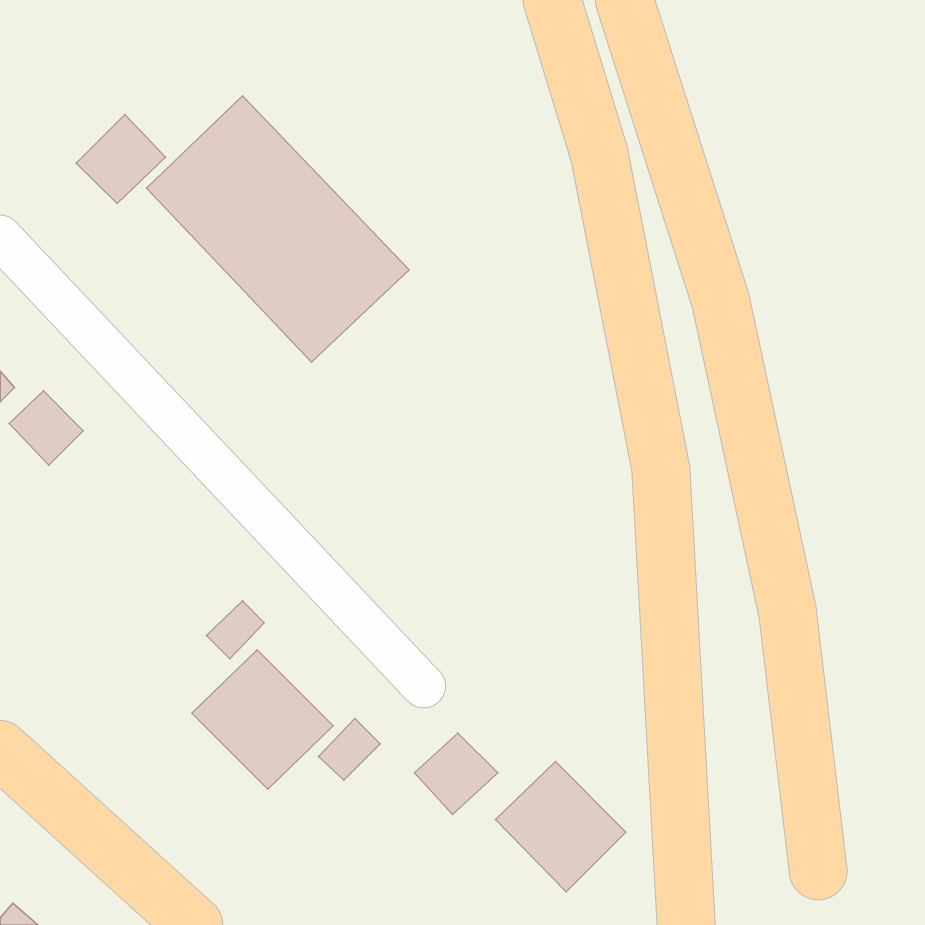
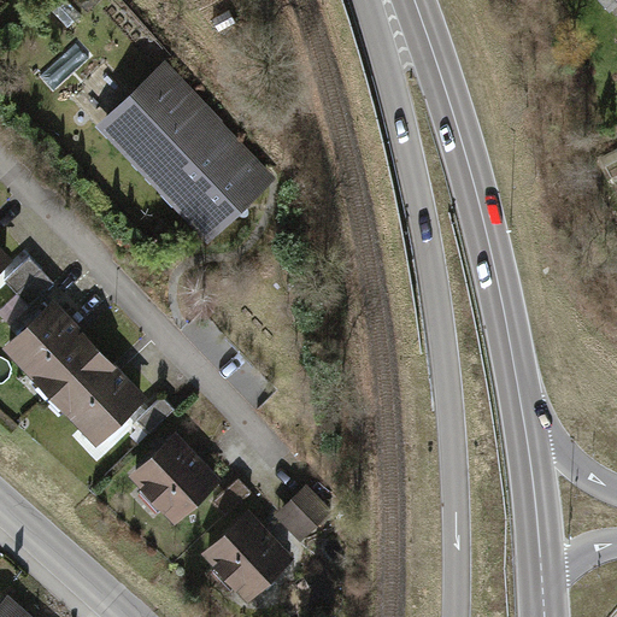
building: [76,115,166,204] -> none
building: none -> [6,302,145,445]
building: [496,762,626,892] -> [205,510,292,597]

